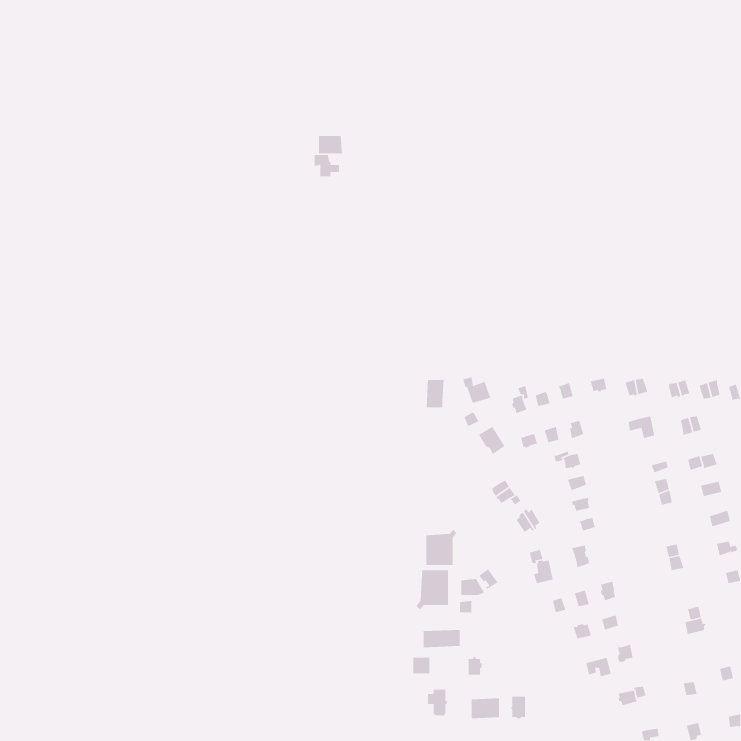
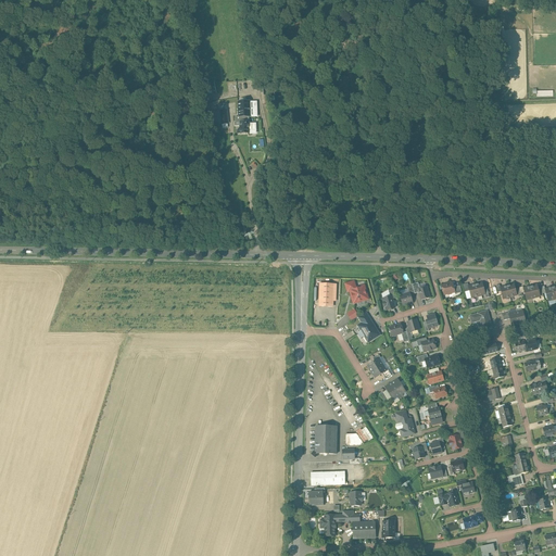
building: [426,528,457,566] -> none

